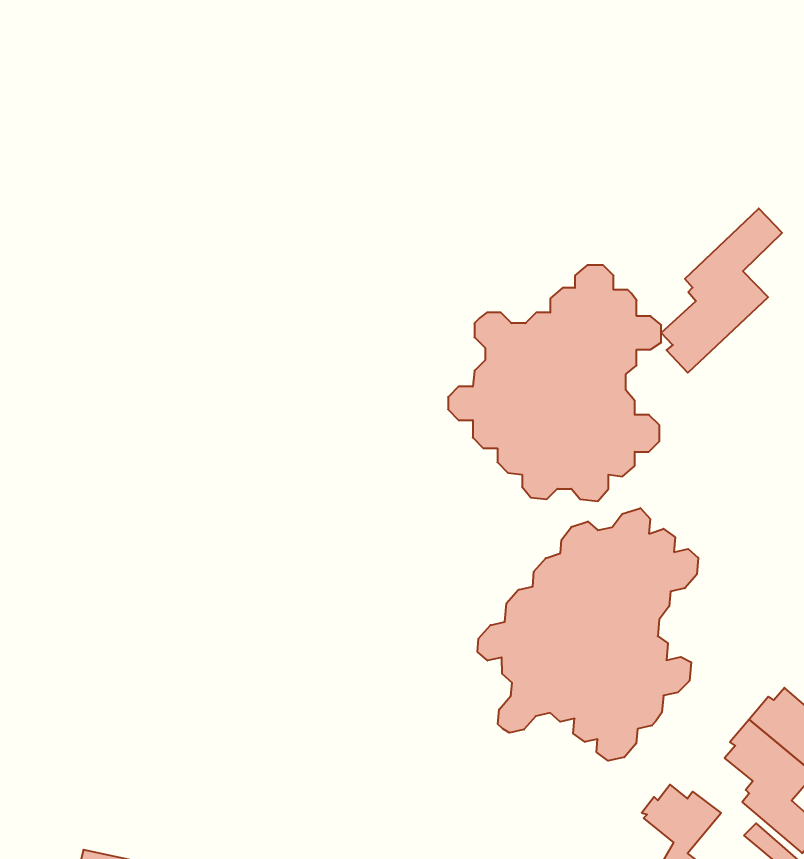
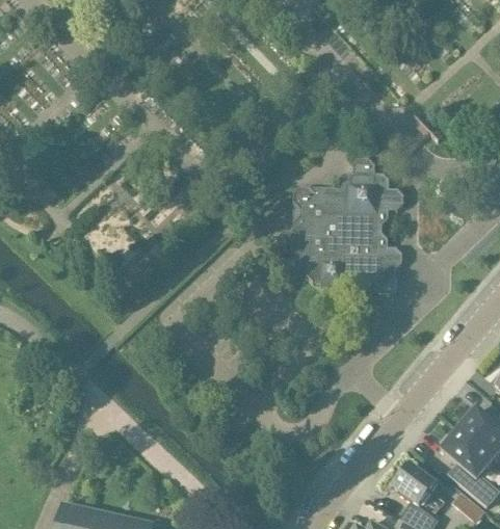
building: [661,208,782,373] -> none
building: [477,508,698,761] -> none

